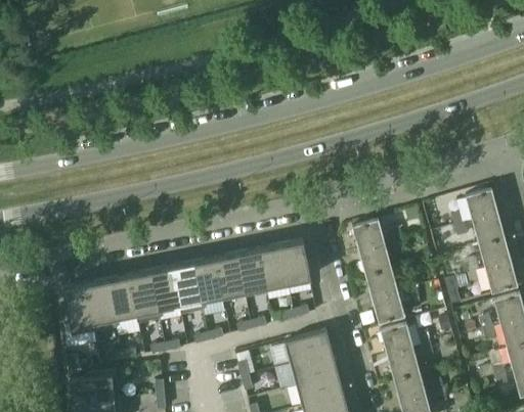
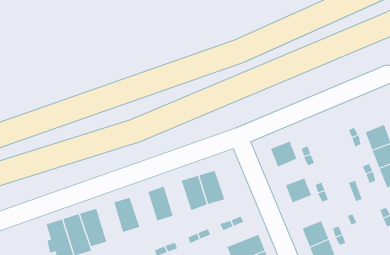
building: [466,189,498,220] -> none
building: [281,240,311,283] -> none
building: [359,243,392,274] -> none
building: [216,254,247,302] -> none
building: [172,263,202,306] -> none
building: [129,271,158,314] -> none
building: [373,290,405,323] -> none

